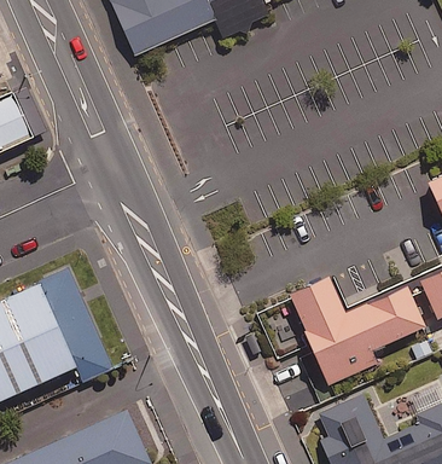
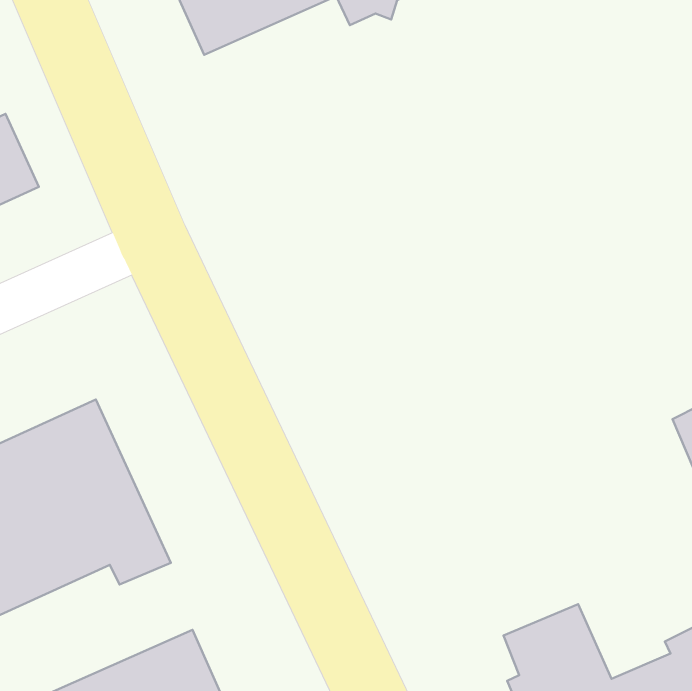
building: [291,277,426,383] -> none

